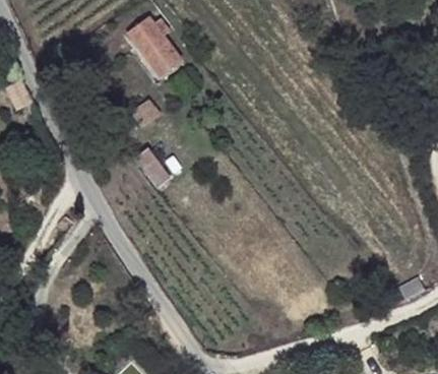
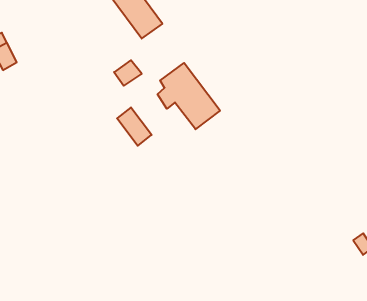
building: none -> [158,63,220,129]

